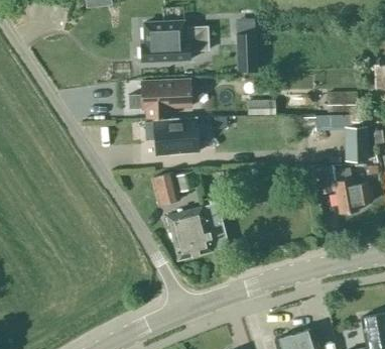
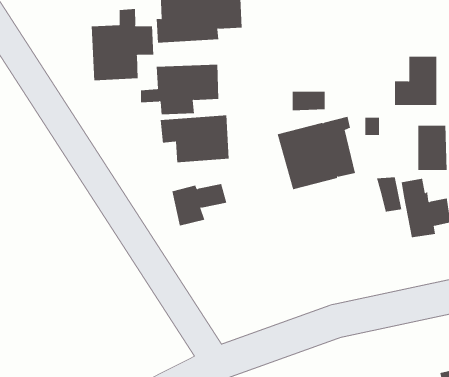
building: [236,32,257,70] -> none
building: none -> [91,8,154,81]
building: [166,201,228,258] -> [277,116,356,190]

